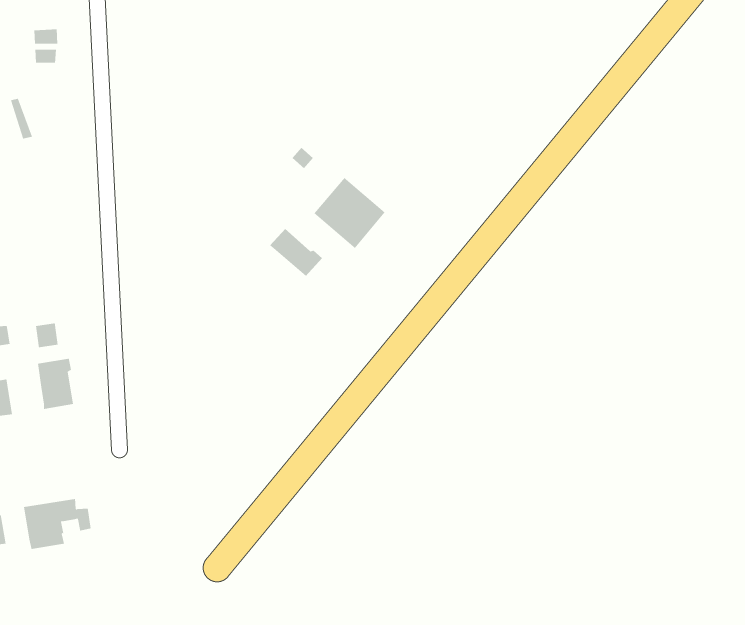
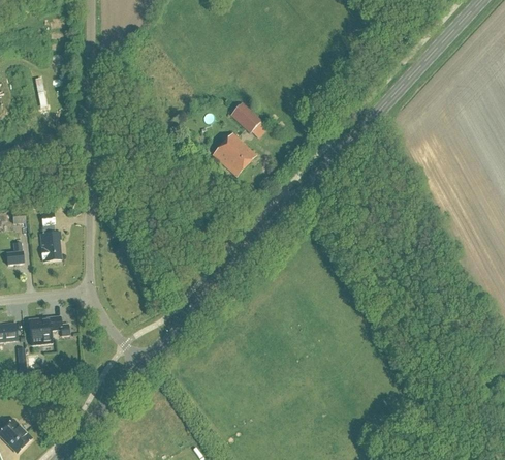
building: none -> [228,100,260,131]
building: [269,228,323,277] -> none

